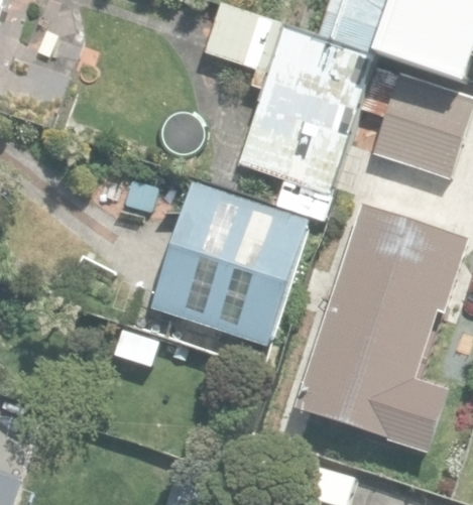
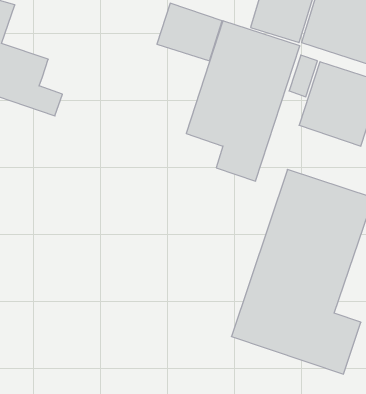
building: [150,180,312,346] -> none

